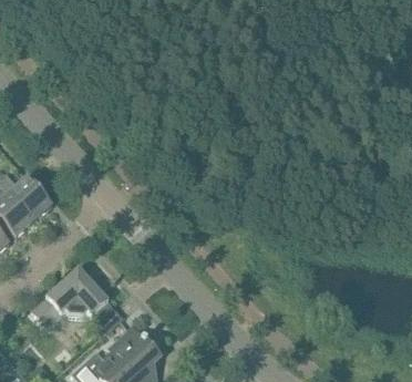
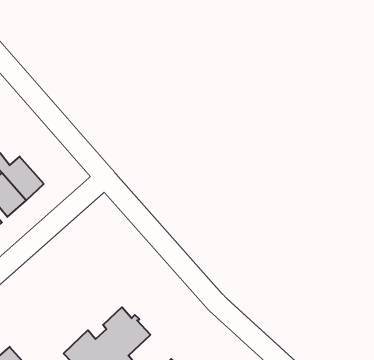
building: [32,270,109,326] -> none

